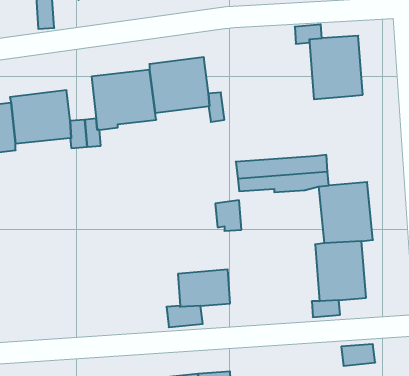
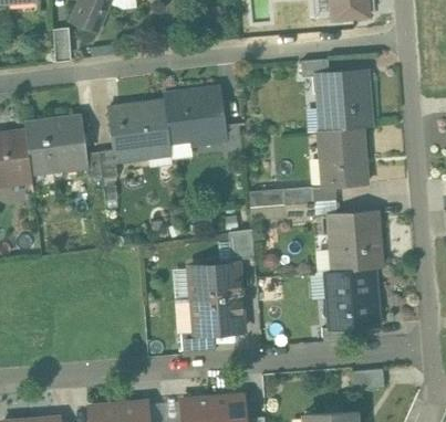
building: none -> [320,127,366,186]
building: none -> [189,263,240,300]

